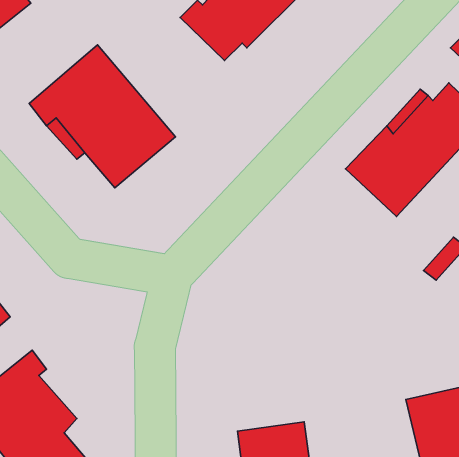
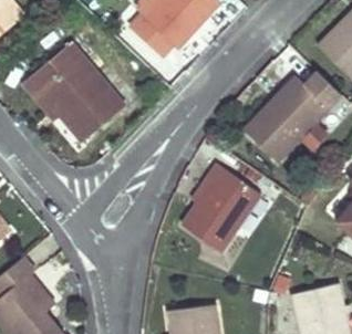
building: none -> [182,164,260,251]

